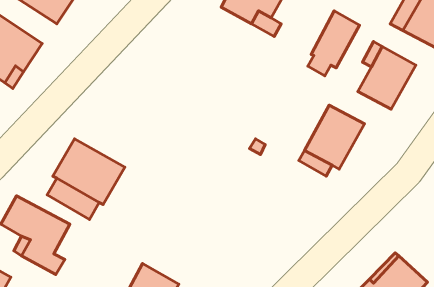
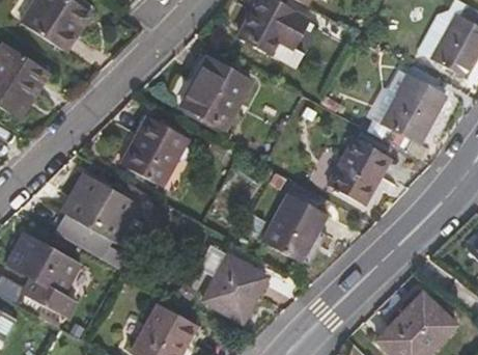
building: [308,11,359,76] -> none
building: none -> [182,57,252,129]
building: none -> [121,115,188,186]
building: none -> [263,192,328,262]
building: none -> [202,254,268,322]

